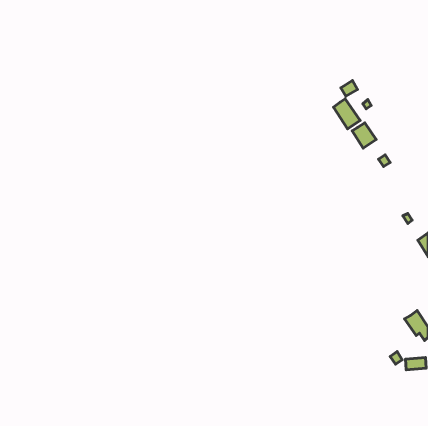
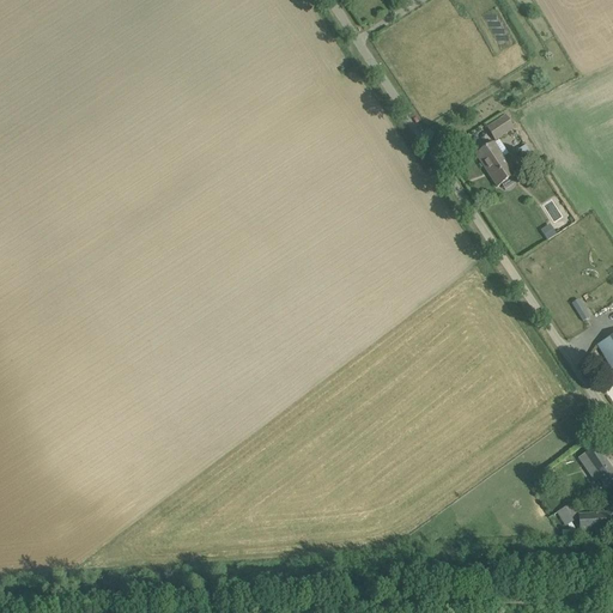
building: [352,123,376,148] -> none

